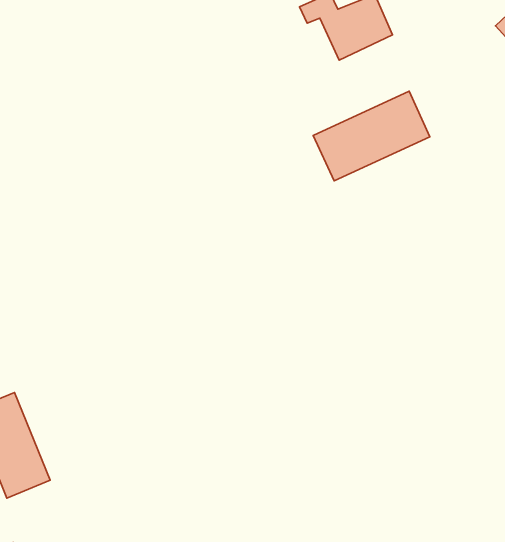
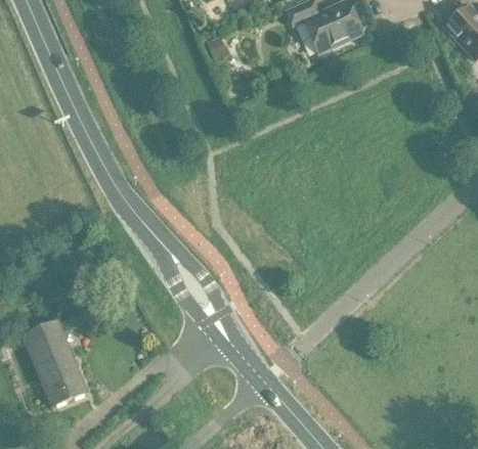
building: [313,91,430,181] -> none

